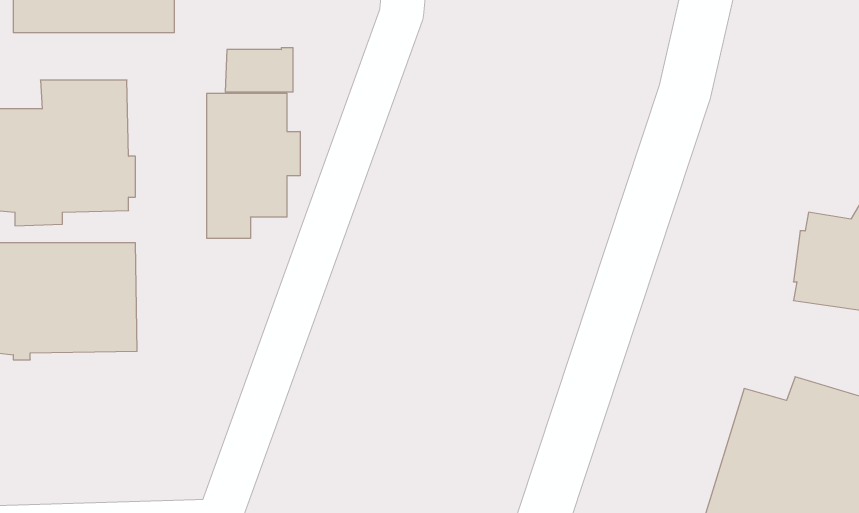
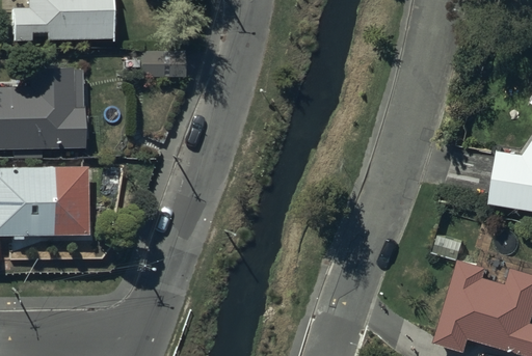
building: [207,93,300,238] -> none

